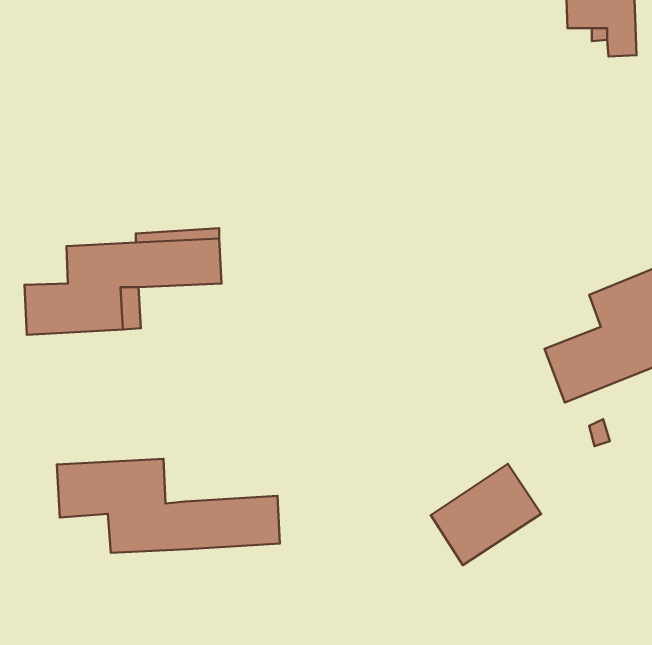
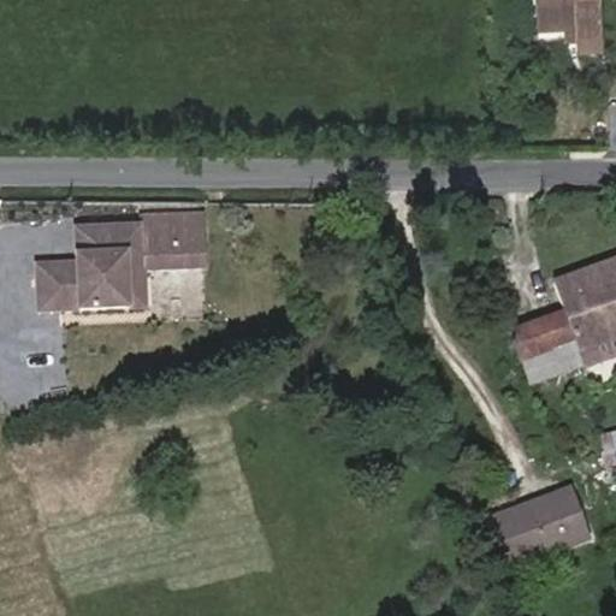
building: [57,459,280,553] -> none
building: [431,464,541,565] -> [502,468,605,563]

